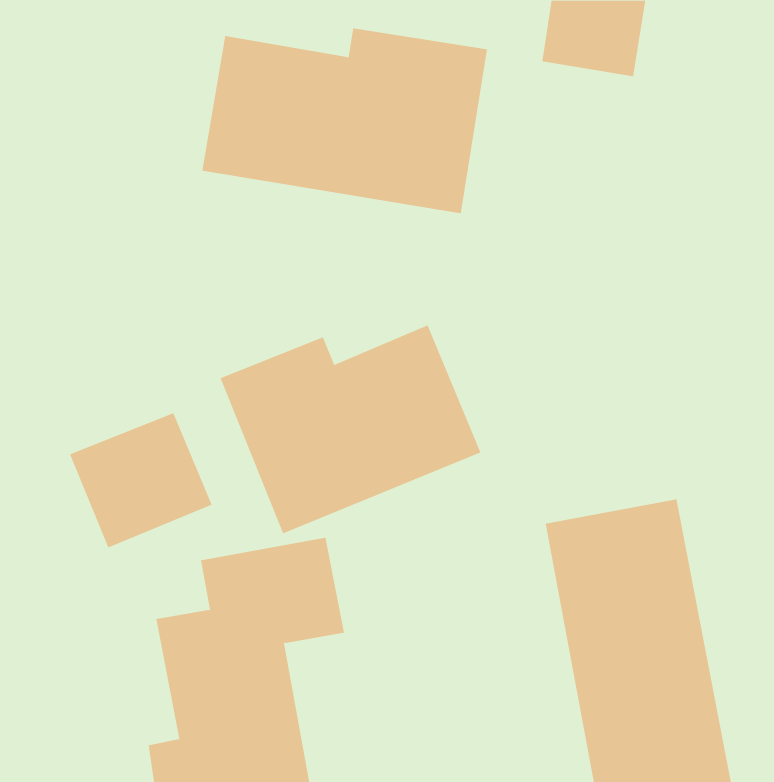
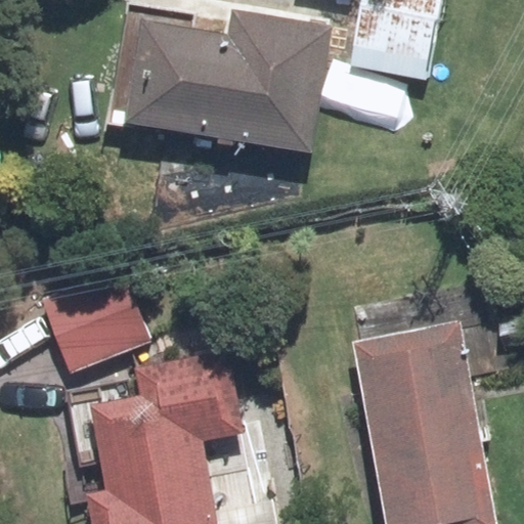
building: [220,325,481,534] -> none

